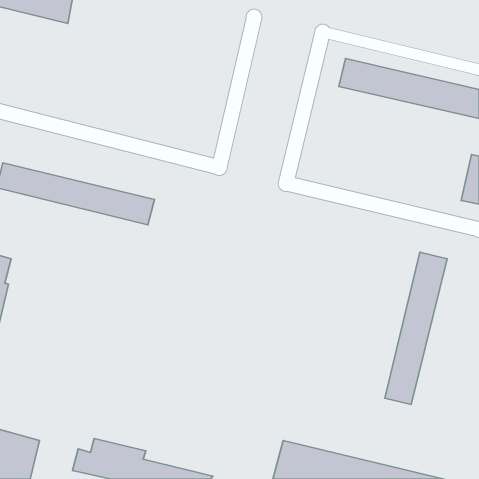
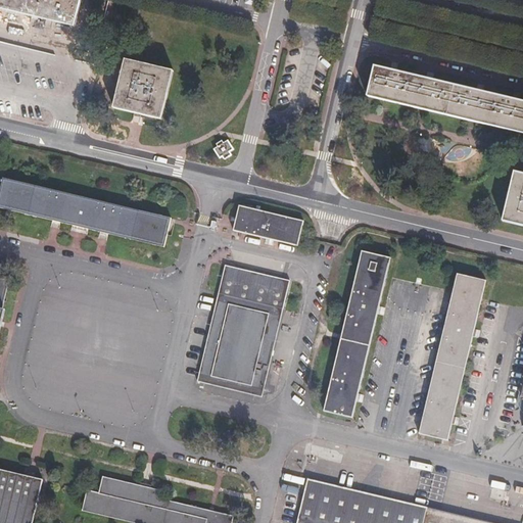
building: none -> [111,57,173,118]
building: none -> [234,205,304,246]
building: none -> [323,251,390,416]
building: none -> [195,265,290,398]

